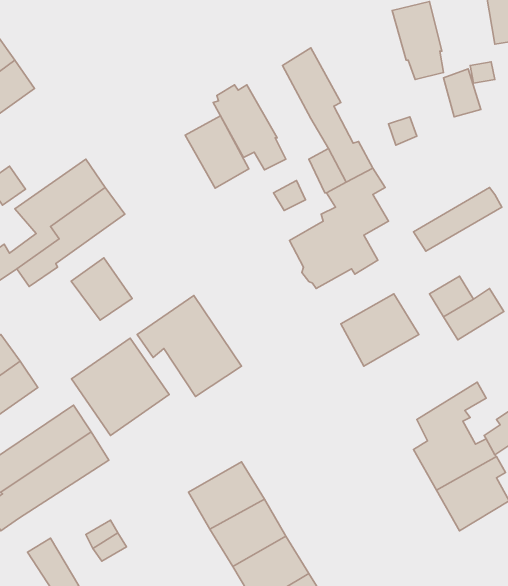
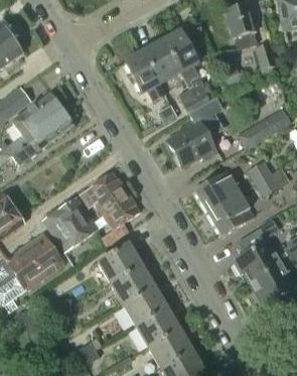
building: [185,116,249,188] -> [144,39,180,81]
building: [71,258,132,320] -> none
building: none -> [210,193,255,234]
building: none -> [98,243,141,282]

